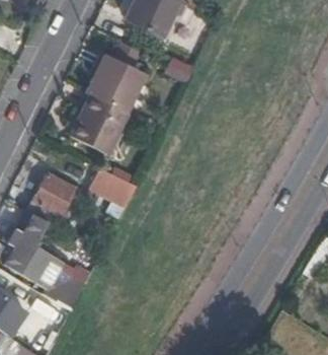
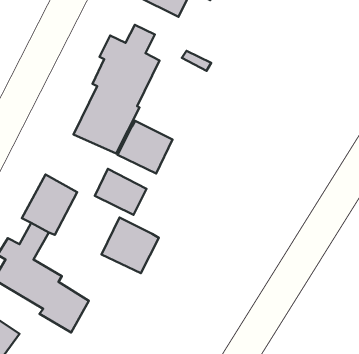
building: none -> [118,121,172,174]
building: none -> [102,218,159,273]

